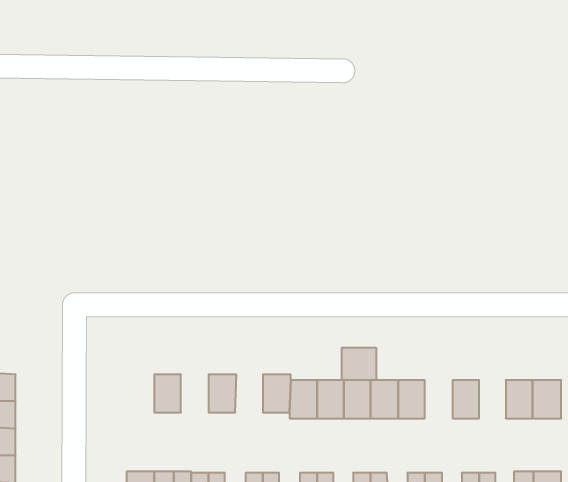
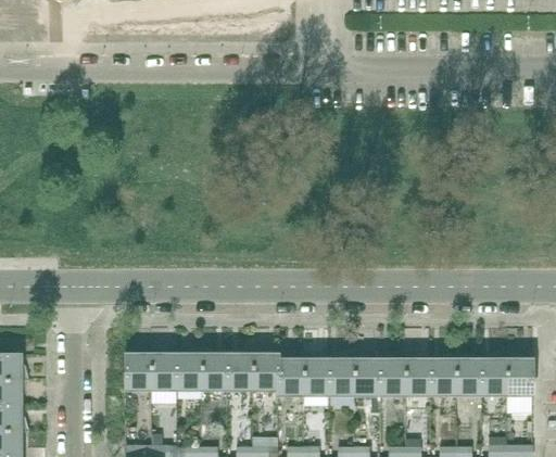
building: [342,348,376,380] -> none
building: none -> [125,353,151,389]
building: none -> [176,353,202,389]
building: none -> [227,353,253,389]
building: none -> [405,358,431,394]
building: none -> [456,358,481,394]

